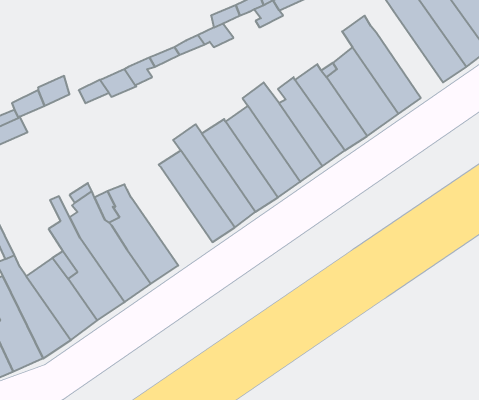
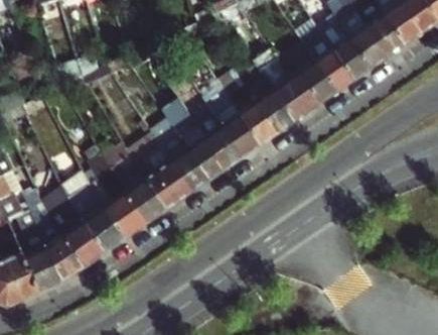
building: none -> [317,11,373,79]
building: none -> [130,132,195,208]

